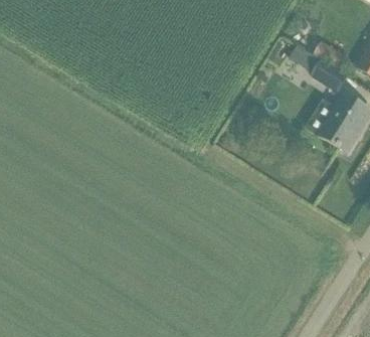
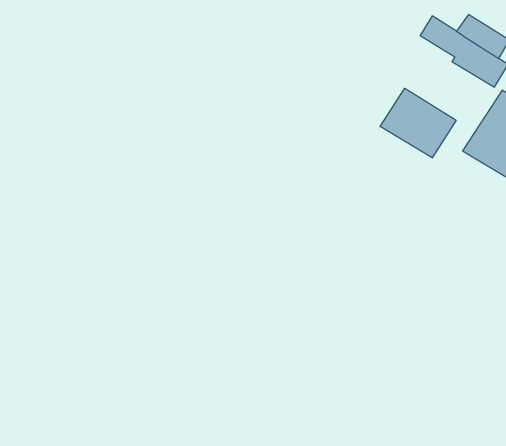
building: none -> [380,88,456,158]

